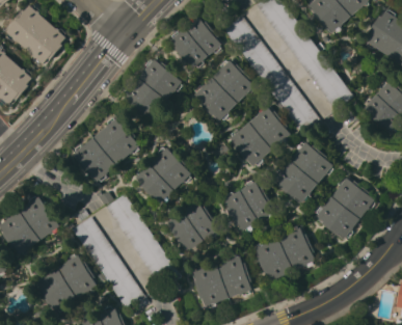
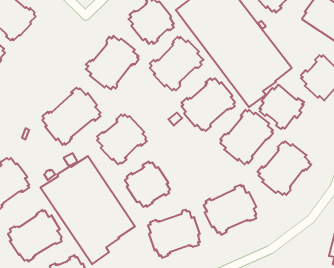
building: none -> [259,85,304,129]
building: [223,180,272,231] -> none

